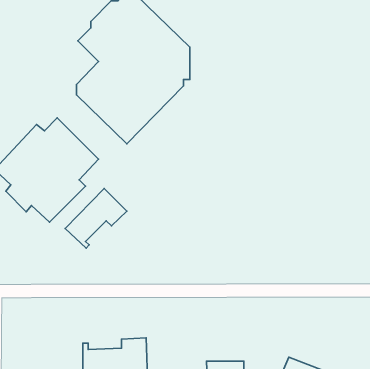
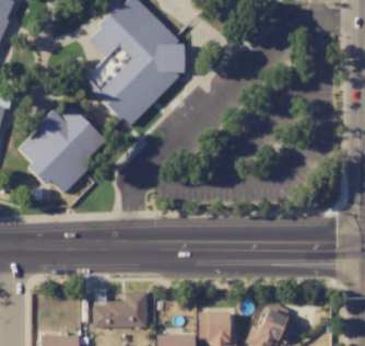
building: [65,189,127,248] -> none

